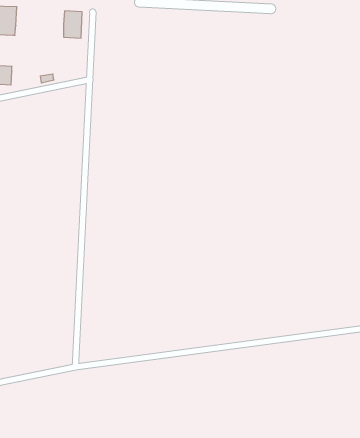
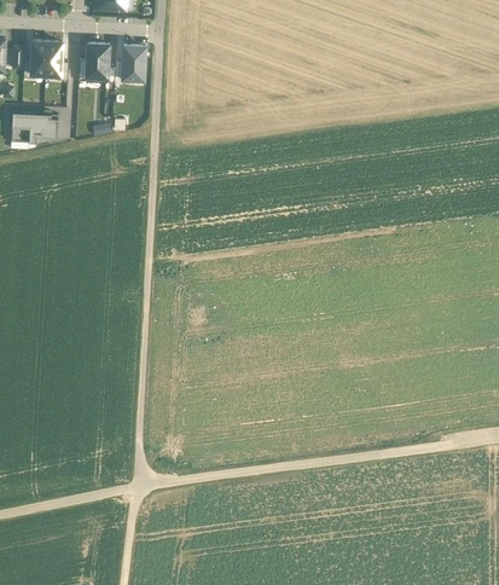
building: none -> [85,42,109,82]

